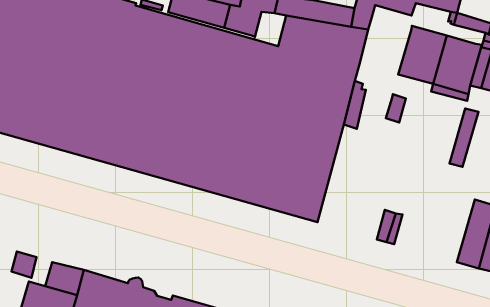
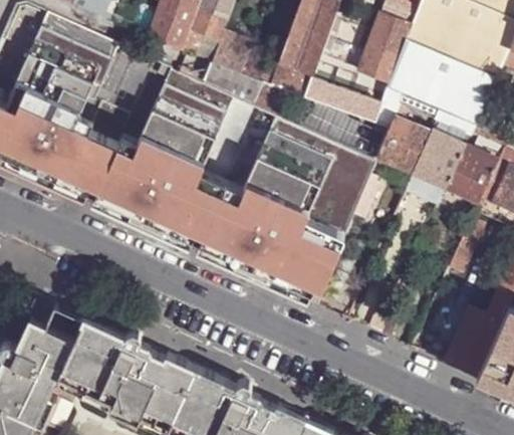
building: none -> [378,114,433,172]

